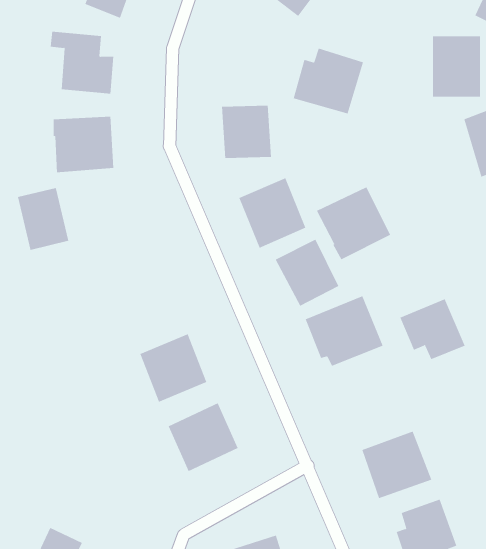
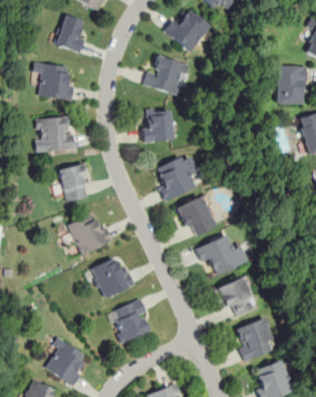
building: [293,48,364,114] -> [143,55,189,97]
building: [316,187,391,260] -> none
building: [17,187,69,250] -> [59,164,92,204]
building: none -> [67,214,113,255]
building: [399,299,466,360] -> [216,276,258,316]
building: none -> [44,340,91,387]

